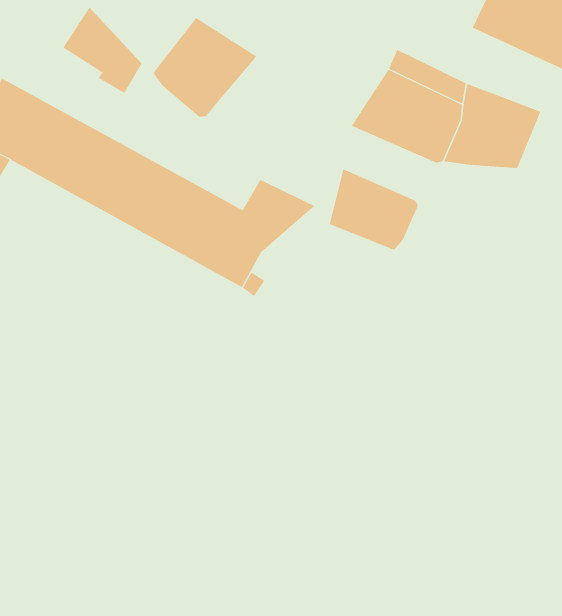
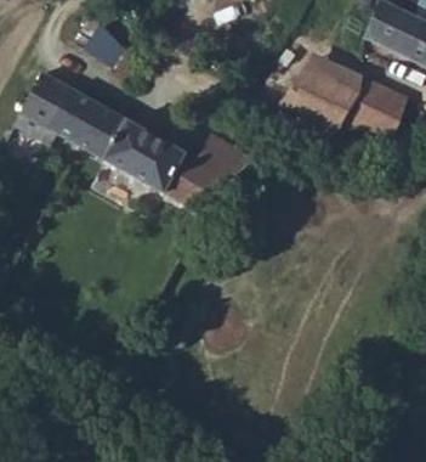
building: [153,17,257,118] -> none
building: [329,168,418,250] -> none

